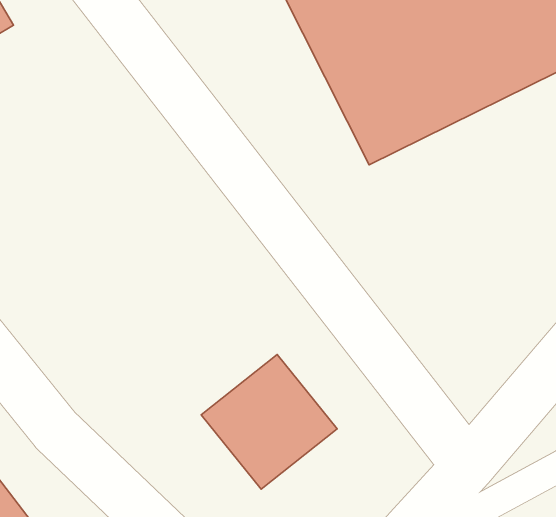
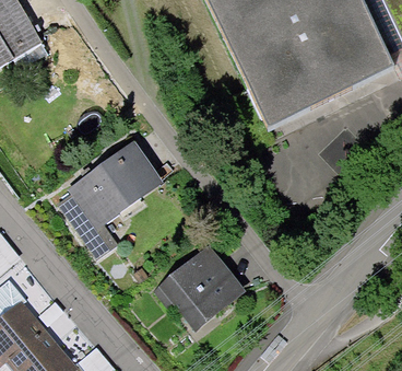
building: none -> [62,141,162,252]

